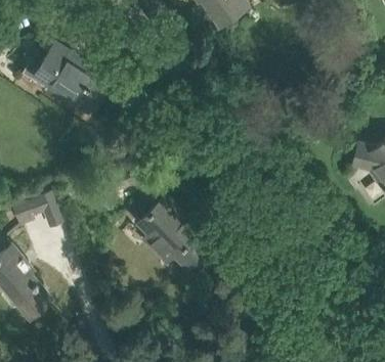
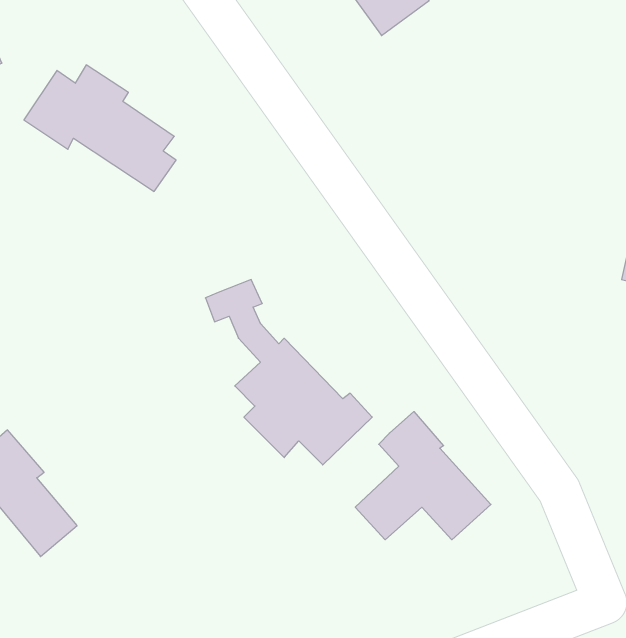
building: [12,190,63,228] -> none
building: none -> [355,412,491,540]

